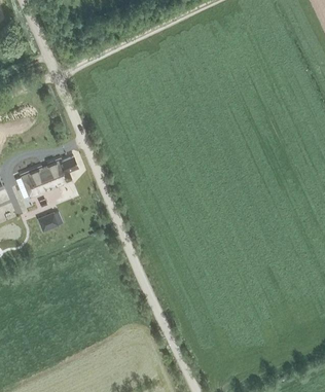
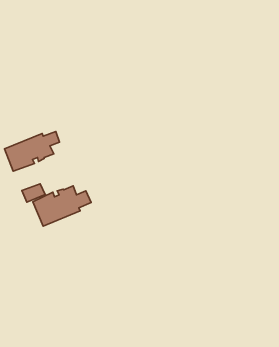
building: none -> [33,186,91,226]

